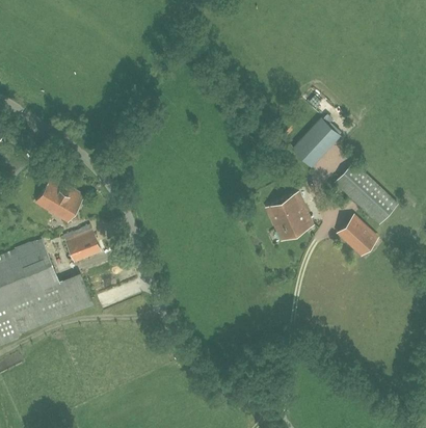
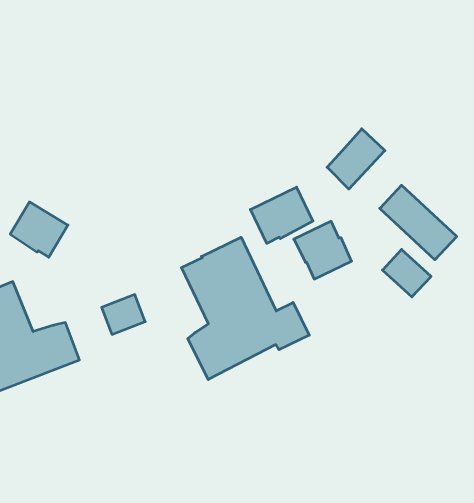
building: none -> [250,187,313,243]
building: none -> [181,237,309,380]
building: [65,230,101,262] -> [102,295,145,334]

